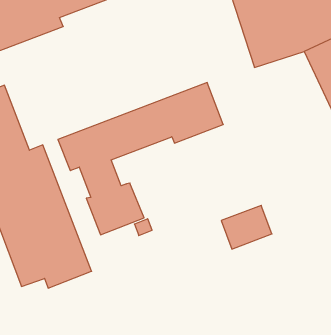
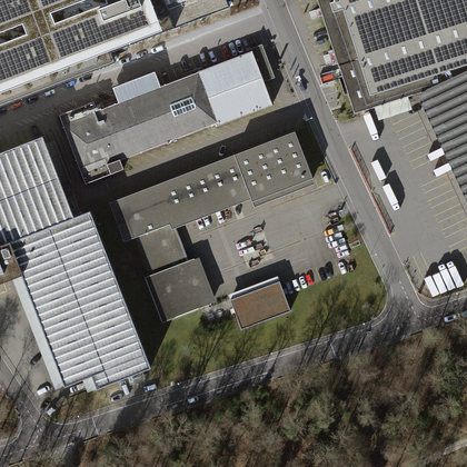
building: none -> [57,43,275,183]
building: [221,205,272,249] -> [227,275,290,329]

